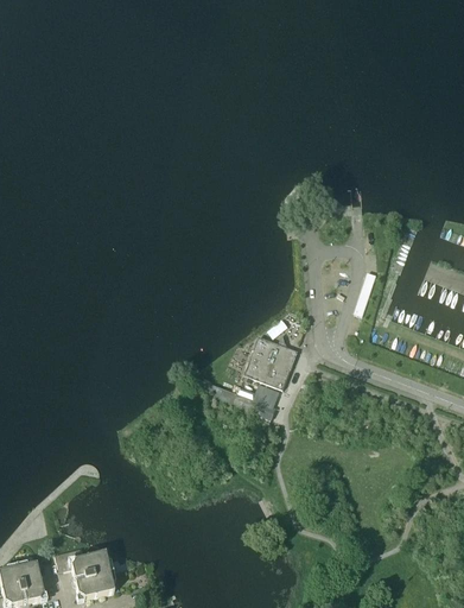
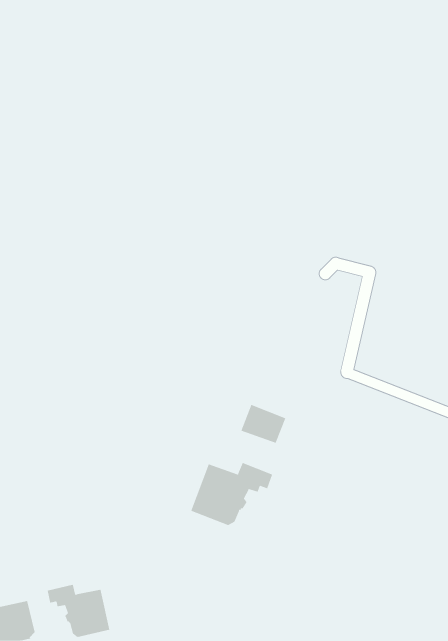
building: [246,332,298,388] -> none
building: none -> [190,462,273,526]

